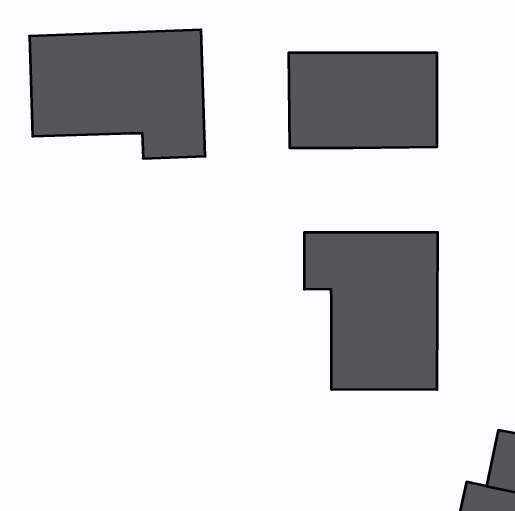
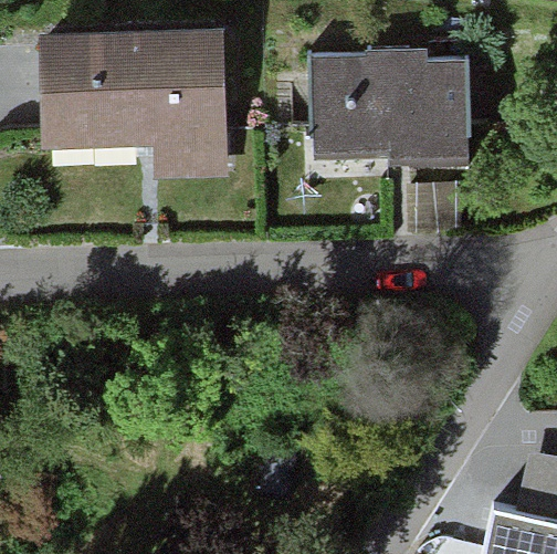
building: [304,232,438,390] -> none

